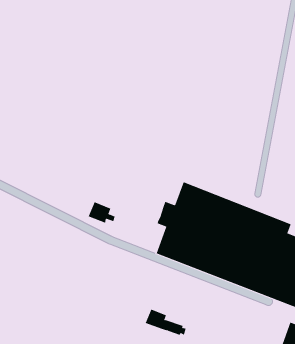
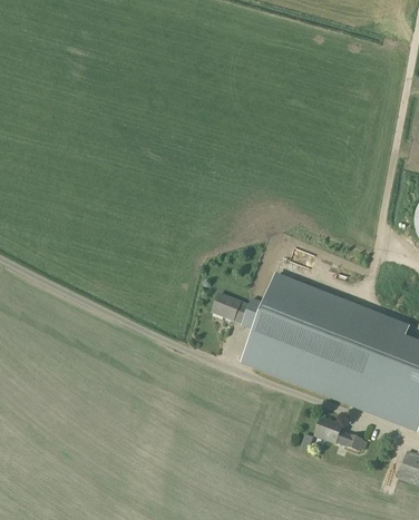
building: [88,201,116,224] -> [211,291,245,318]
building: [145,309,186,335] -> [313,415,366,449]

